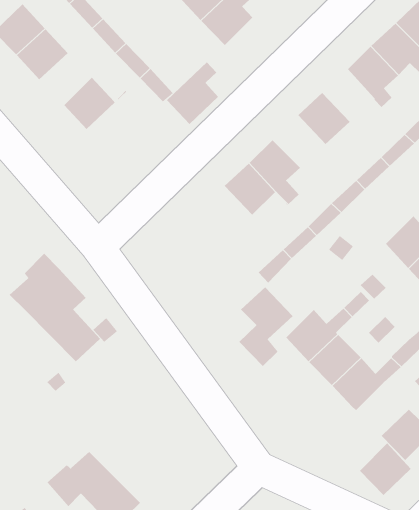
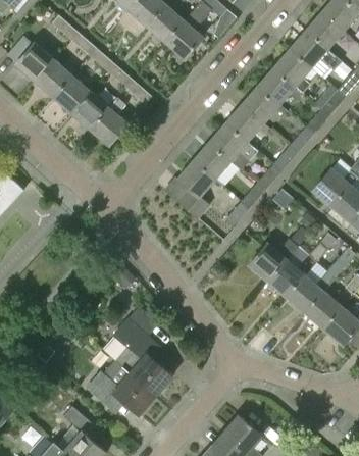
building: none -> [53,75,91,113]
building: [166,62,219,125] -> [91,99,129,146]
building: none -> [258,67,296,105]
building: none -> [225,104,264,142]
building: [9,253,101,362] -> [103,318,172,395]
building: [239,287,293,367] -> [177,160,216,218]
building: [359,443,412,496] -> [305,291,343,330]

